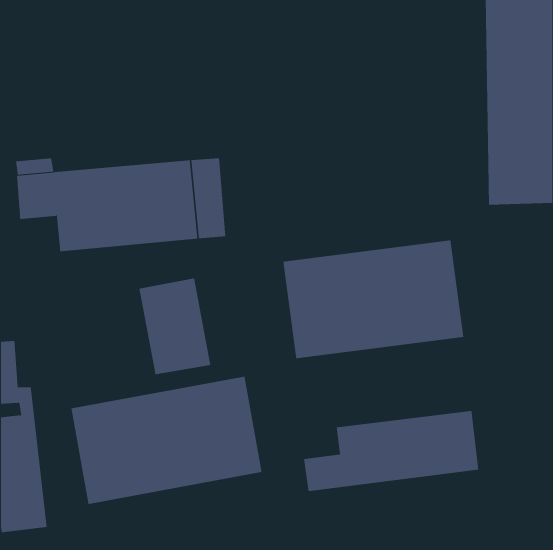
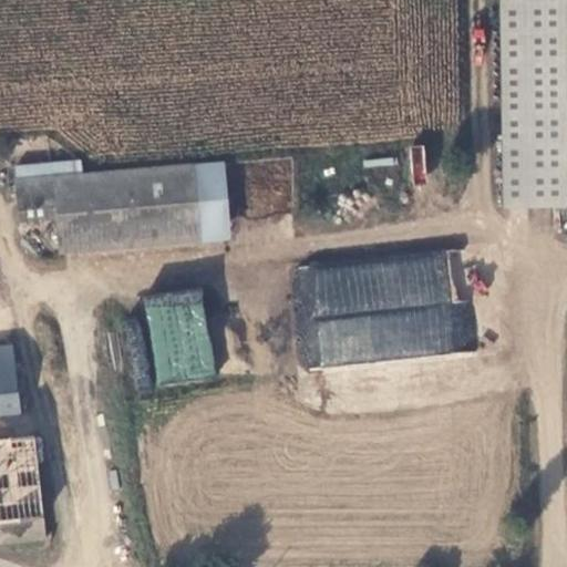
building: [71,376,262,505] -> none
building: [303,410,479,492] -> none

